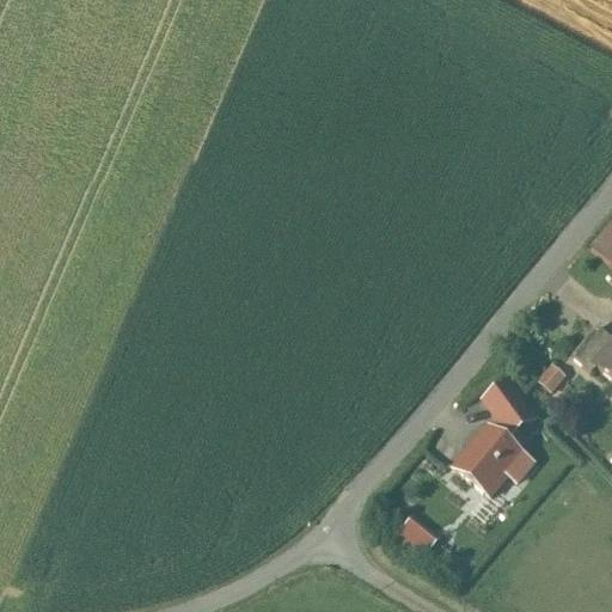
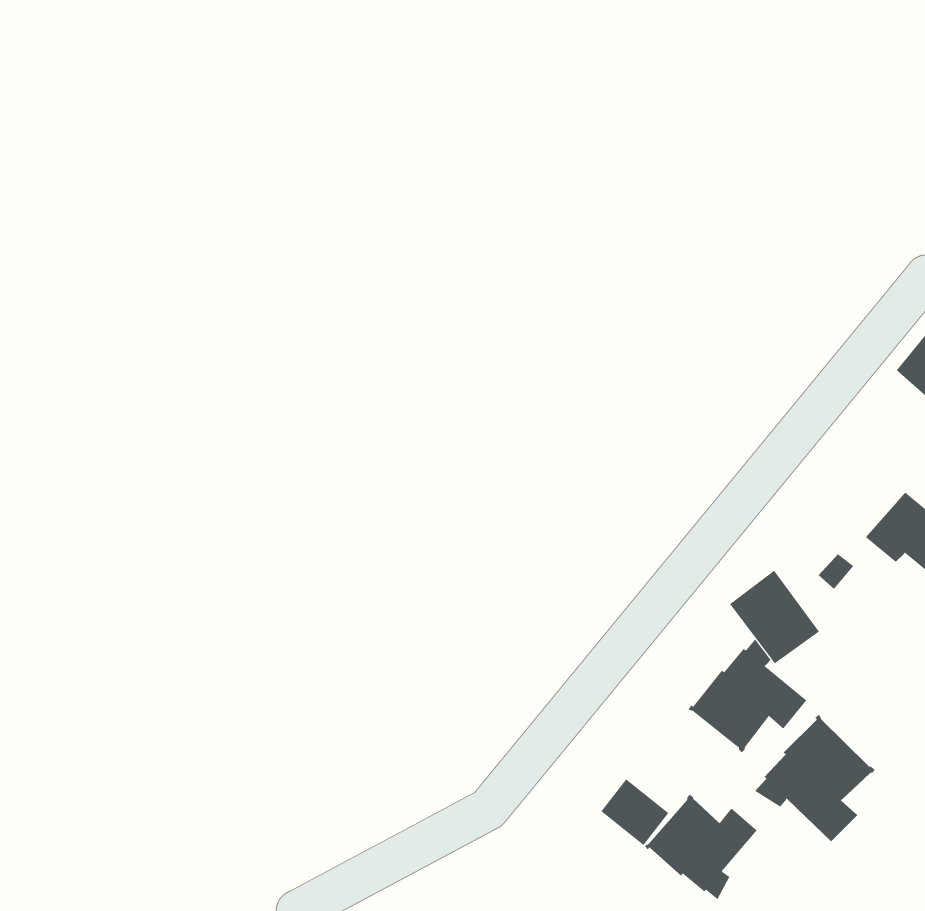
building: none -> [754,714,876,842]
building: none -> [644,794,757,900]

